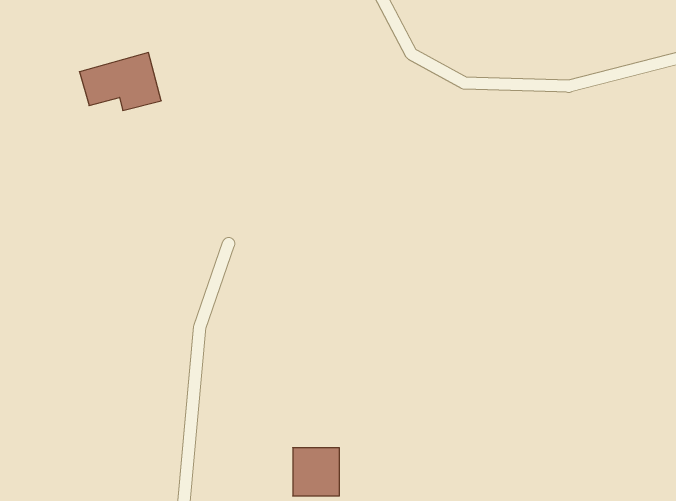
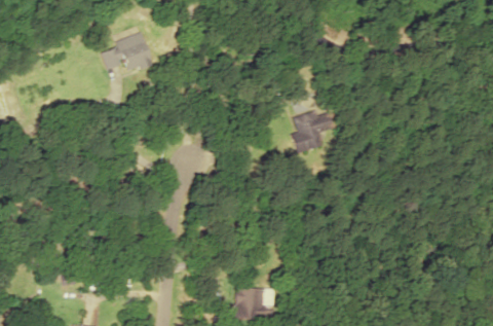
building: none -> [296,112,333,149]

